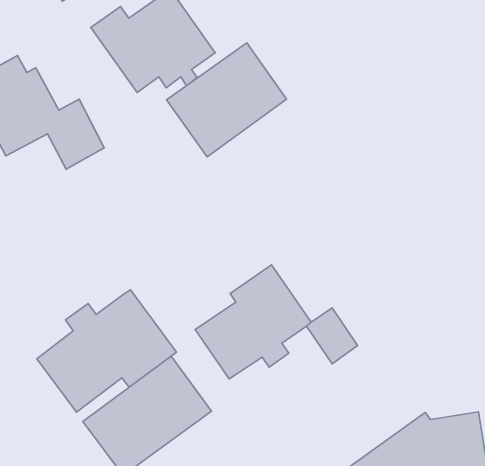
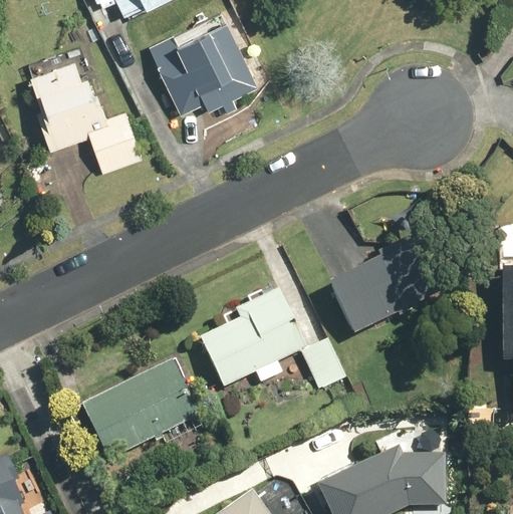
building: [167,43,287,157] -> none
building: none -> [328,237,446,335]
building: [37,290,176,412] -> none

